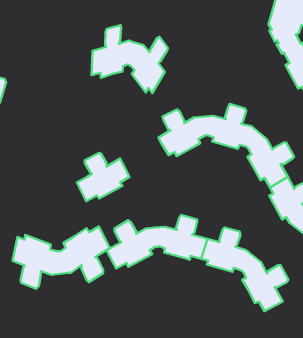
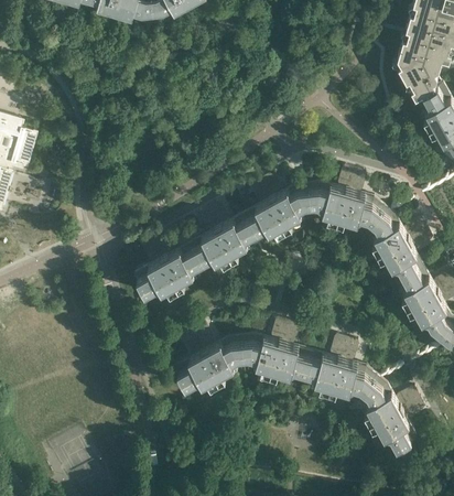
building: [91,25,168,93] -> none
building: none -> [192,207,259,271]
building: [13,226,110,289] -> none

